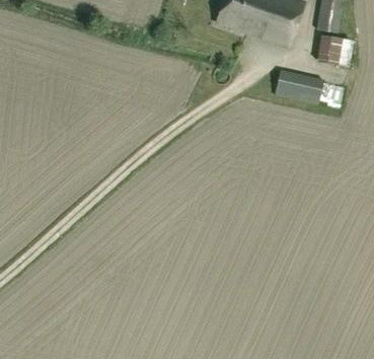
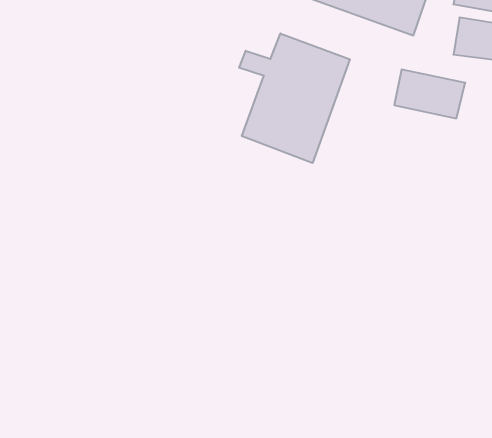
building: none -> [239,33,350,163]

